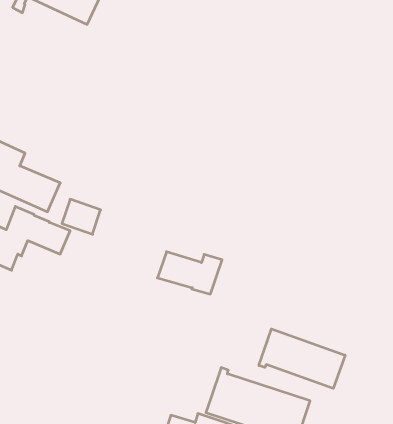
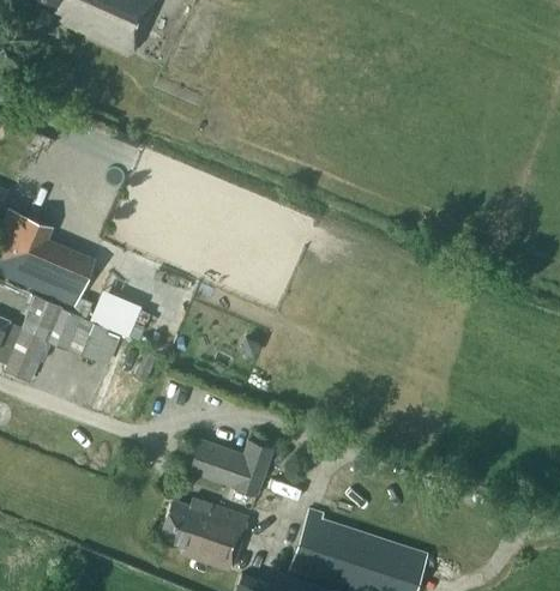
building: [157,252,222,294] -> [187,438,273,494]
building: [259,329,345,388] -> none
building: none -> [157,499,247,571]

